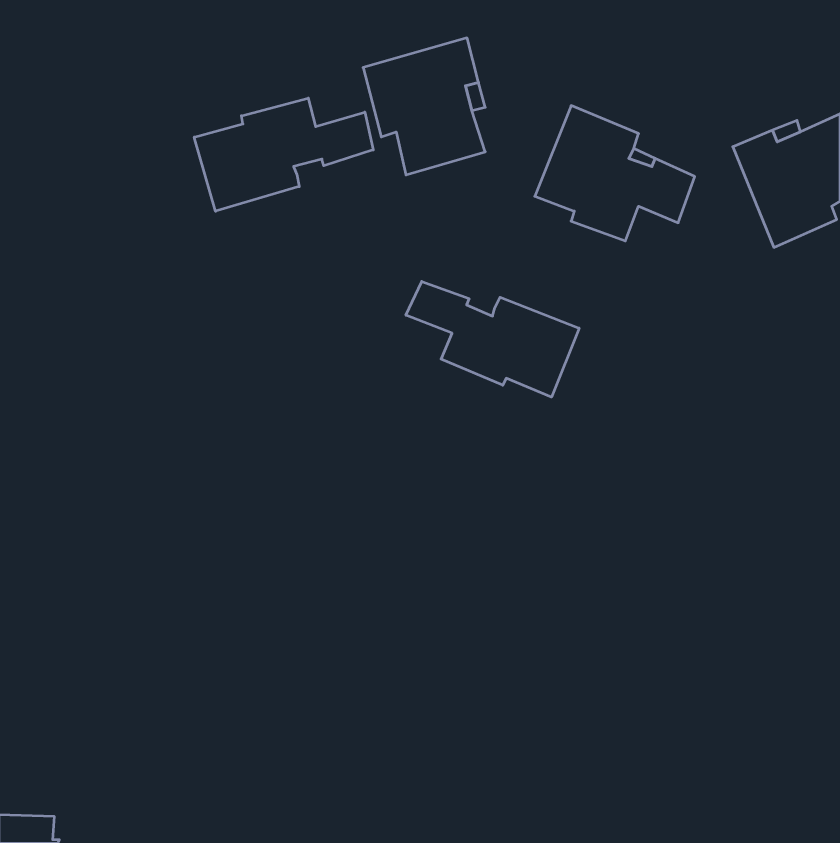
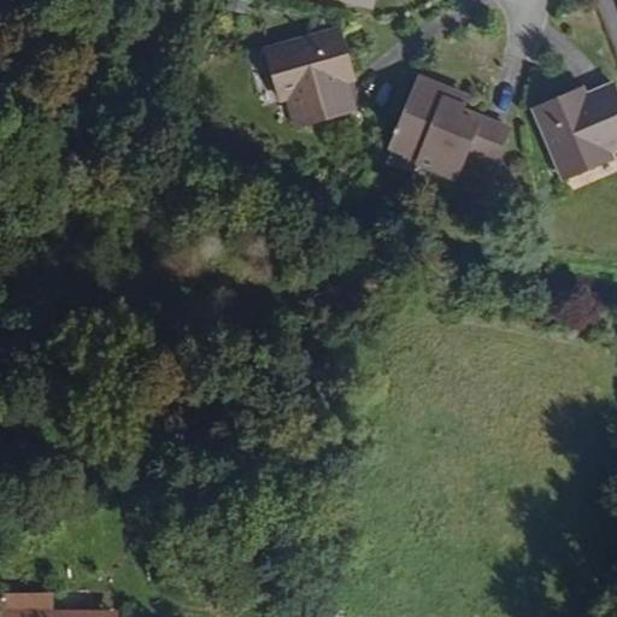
building: [194,98,373,211] -> none
building: [406,281,579,397] -> none

